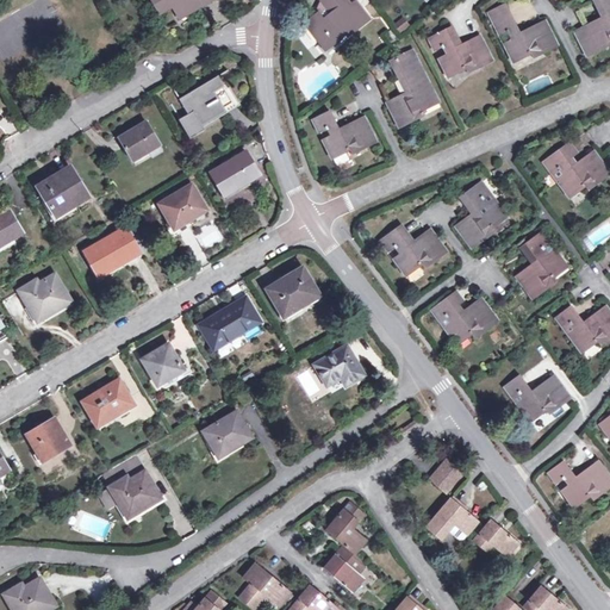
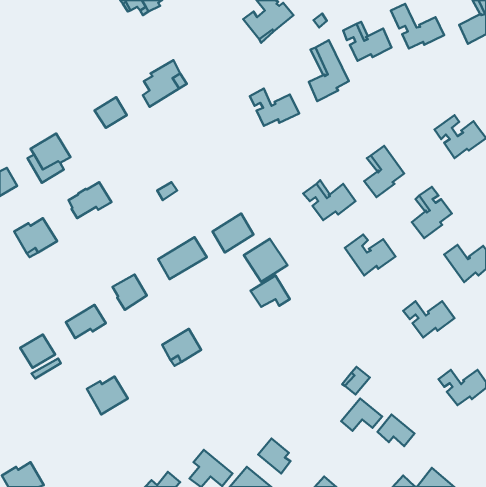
building: [208,151,259,192] -> none
building: [158,185,205,228] -> none
building: none -> [244,239,287,282]
building: [325,502,366,554] -> none

